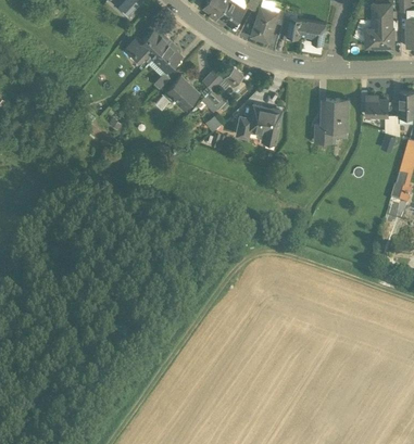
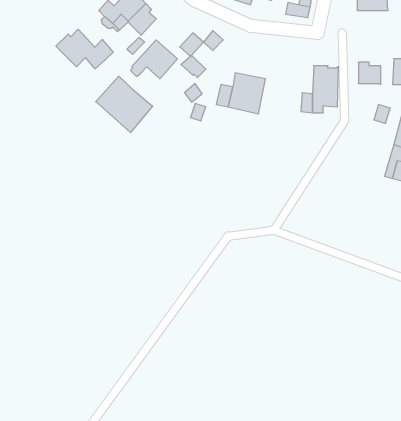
building: none -> [56,29,113,69]
building: none -> [96,76,153,133]

